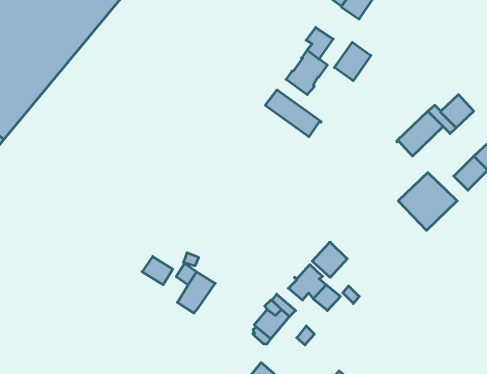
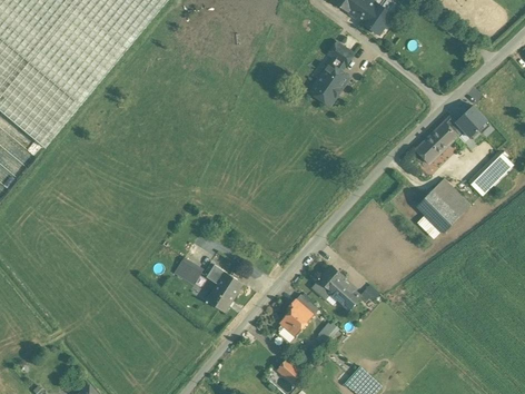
building: [334,42,371,81] -> none
building: [265,90,321,137] -> none
building: [312,242,347,277] -> none

